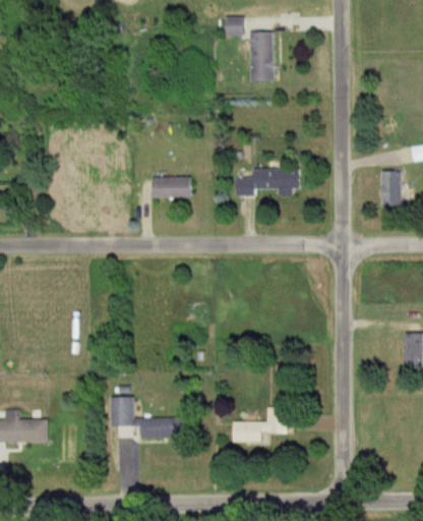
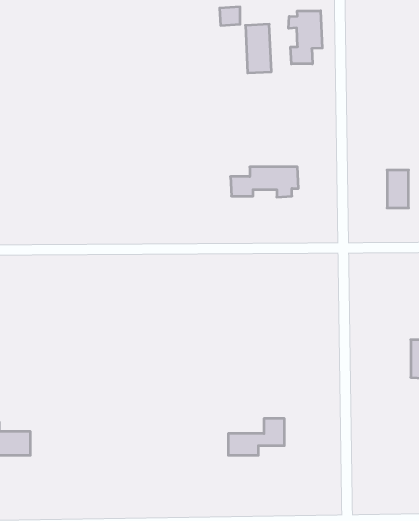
building: none -> [289,11,322,64]
building: [153,180,192,204] -> none
building: [111,396,181,438] -> none

